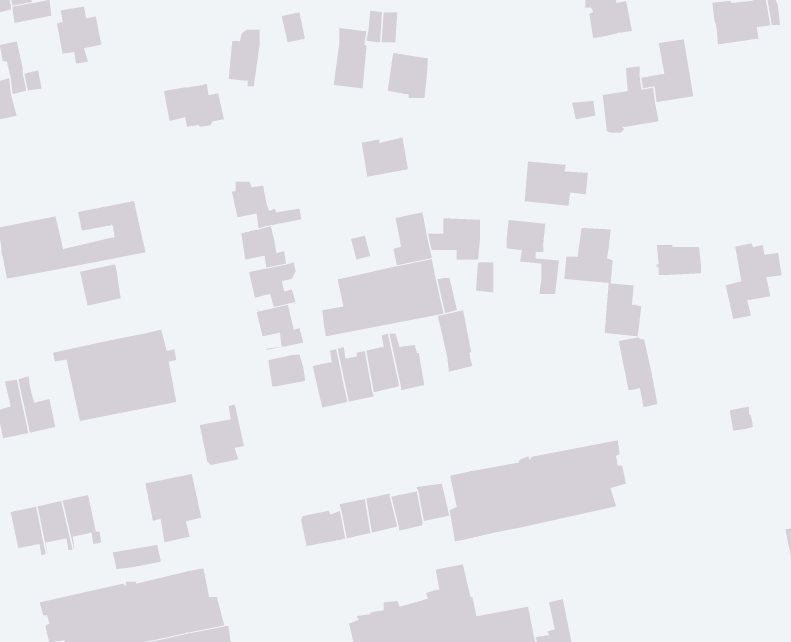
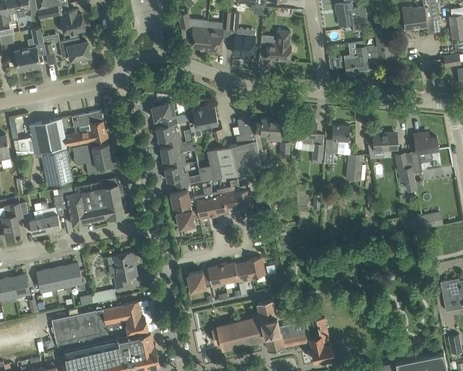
building: [228,29,260,87] -> [190,21,207,51]
building: none -> [265,31,290,62]
building: [163,83,225,127] -> [58,38,90,61]
building: [361,137,409,177] -> [192,107,217,128]
building: [524,161,588,206] -> none
building: none -> [92,144,113,168]
building: none -> [40,149,72,186]
building: [437,309,473,372] -> none
building: [618,337,658,408] -> [394,154,415,191]
building: [199,404,245,465] -> [174,197,198,229]
building: [449,439,626,542] -> none

